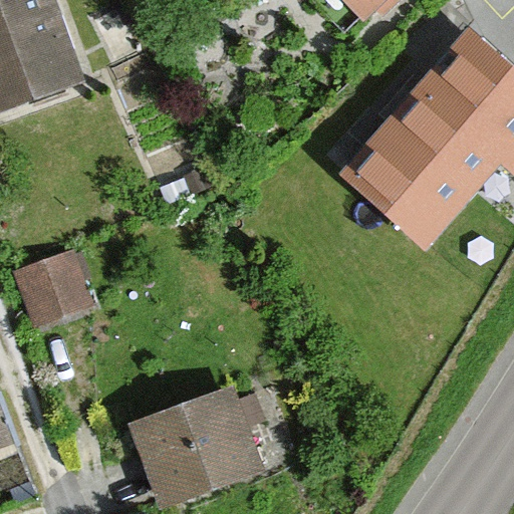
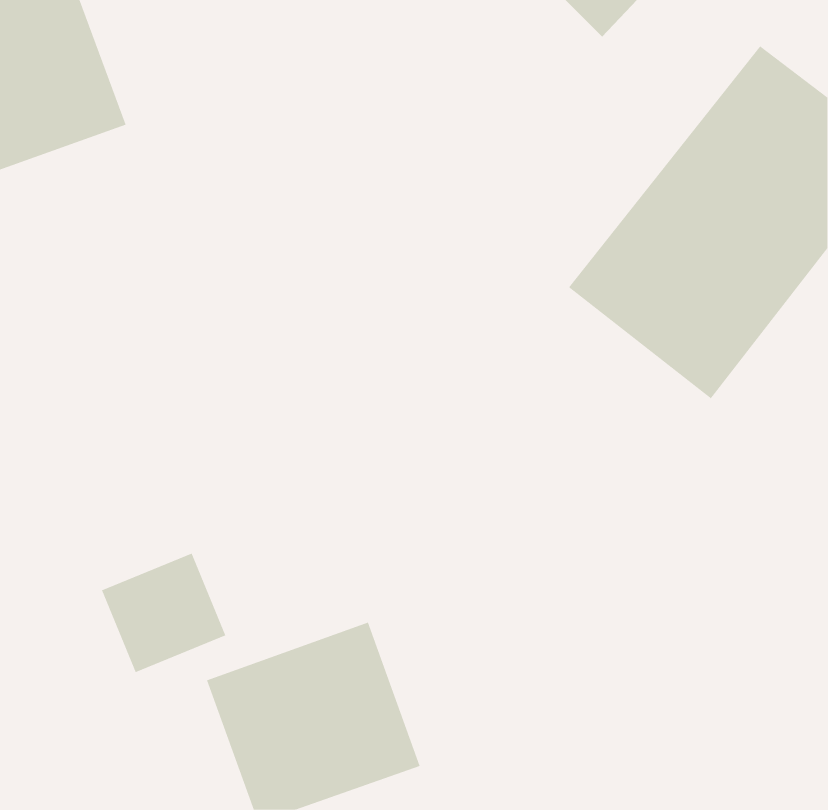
building: [15,252,92,326] -> [101,553,226,673]

